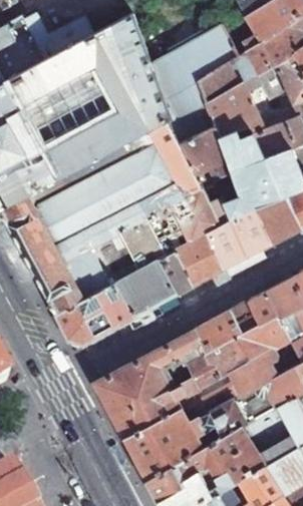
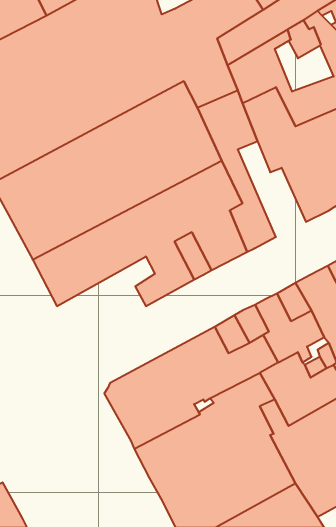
building: [216,169,275,252] -> none
building: [58,270,143,340] -> none

